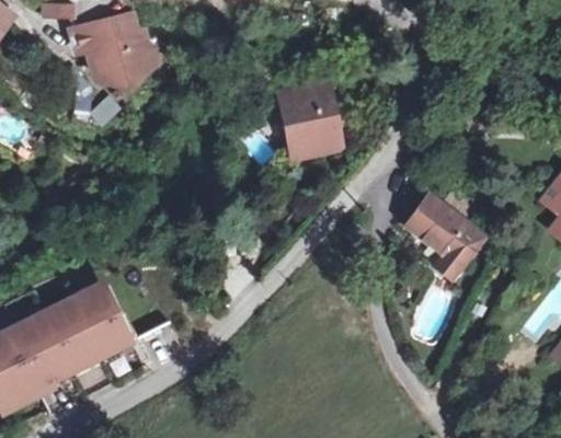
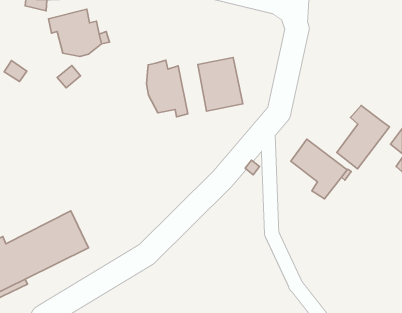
building: none -> [146,60,188,117]
building: none -> [337,106,389,169]

